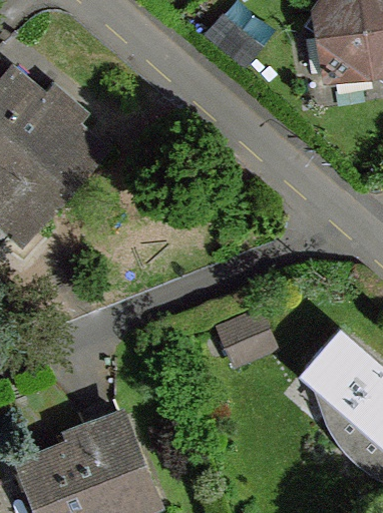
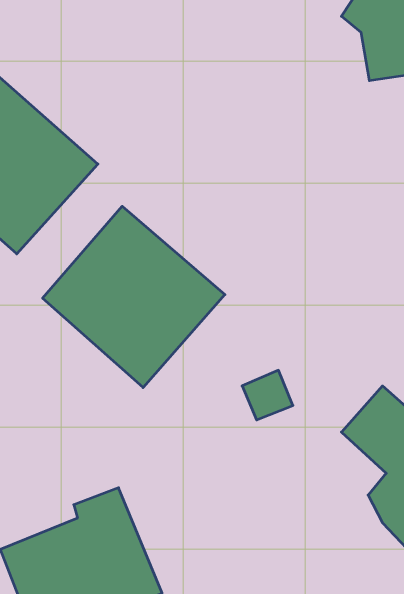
building: none -> [43,206,225,388]

